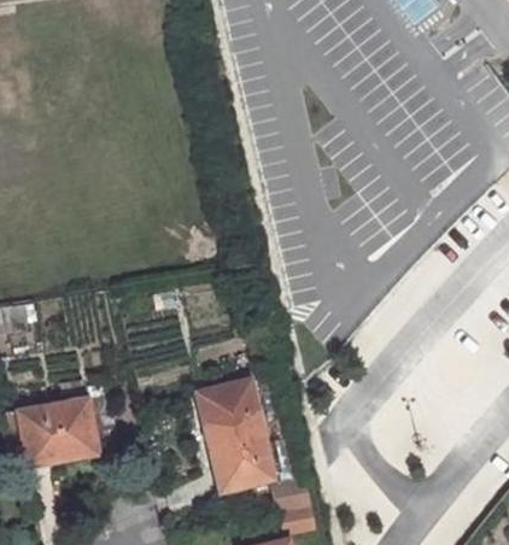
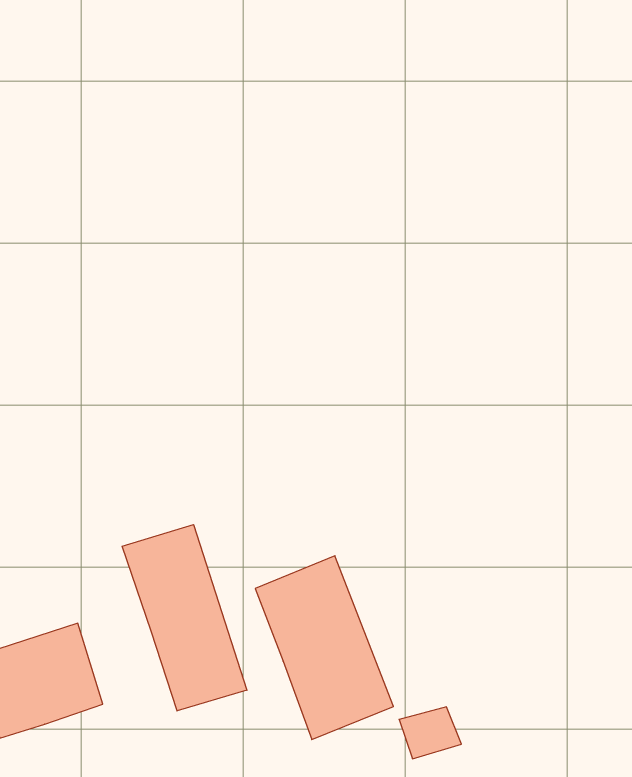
building: none -> [122,525,247,711]

